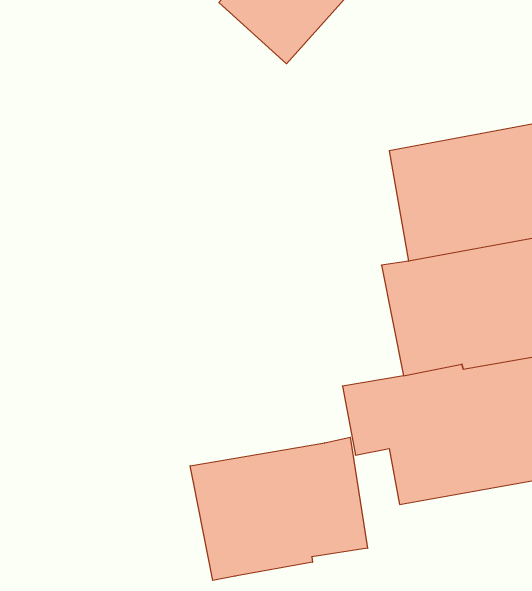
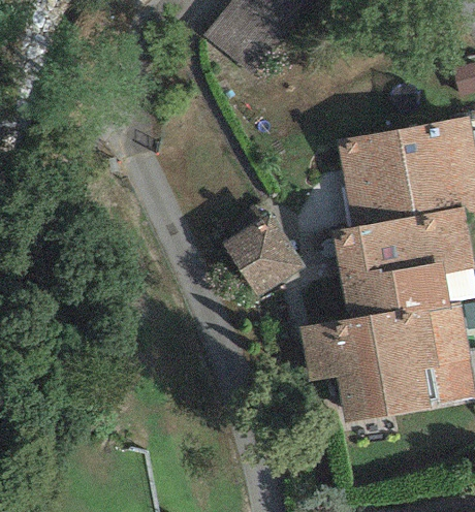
building: none -> [223,213,303,296]
building: [190,437,368,580] -> none

